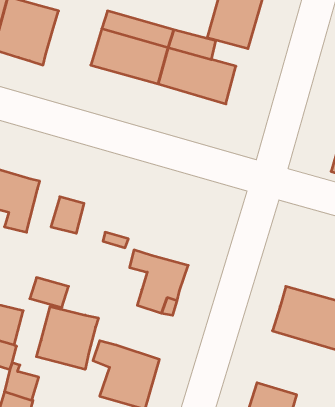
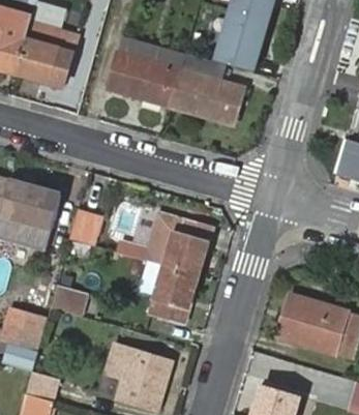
building: none -> [144,212,211,274]
building: [36,307,98,369] -> none

